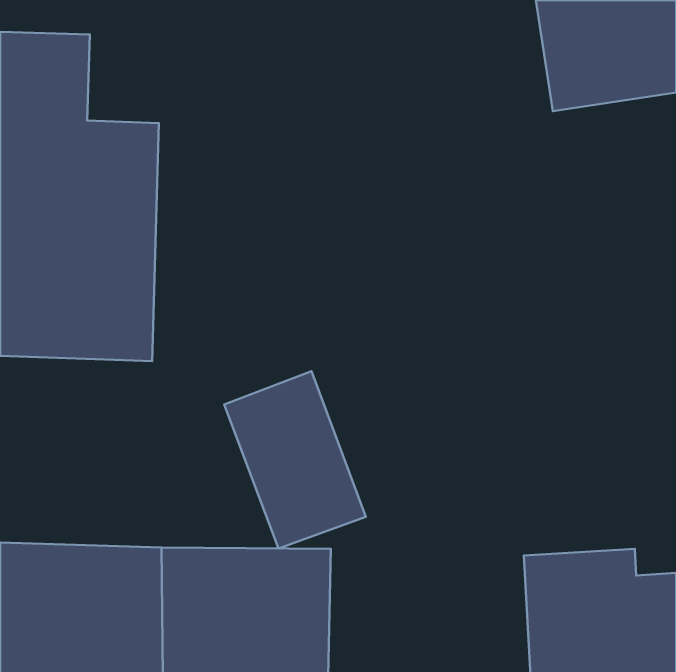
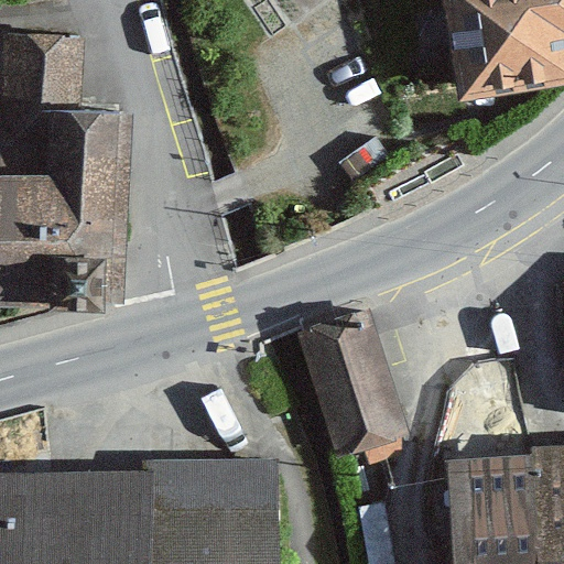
building: [224,371,366,549] -> [290,313,408,460]

